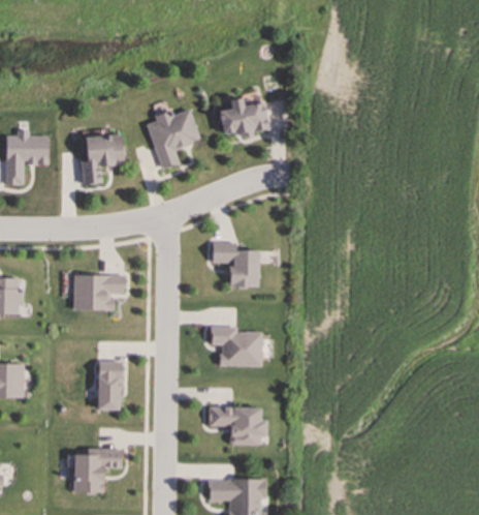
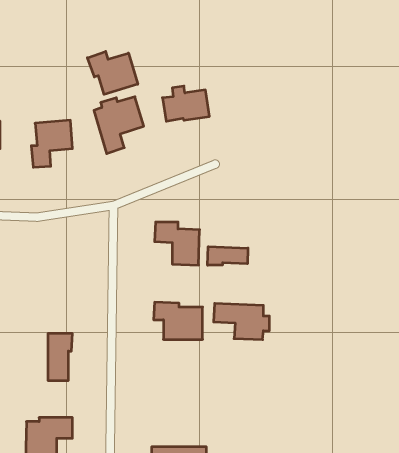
building: none -> [87,51,138,94]
building: none -> [208,247,248,265]
building: [71,275,125,310] -> none
building: [207,406,266,445] -> [214,303,269,340]

